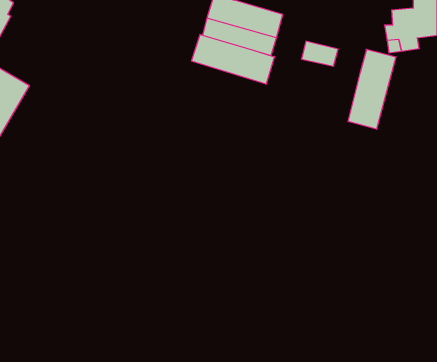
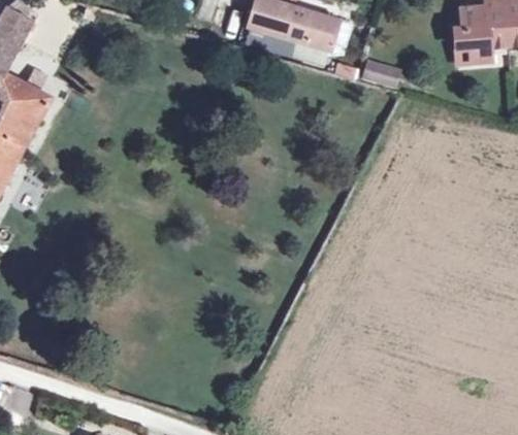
building: [192,34,274,84] -> none
building: [348,49,396,129] -> none

